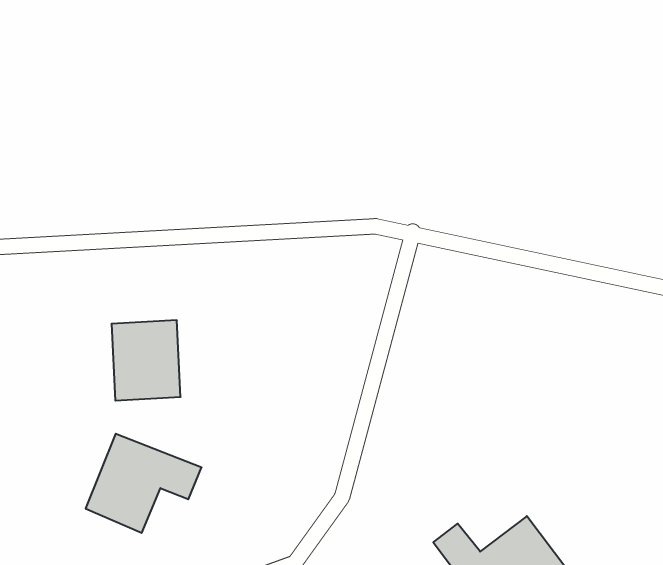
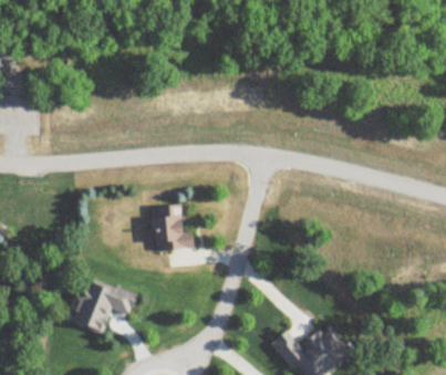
building: [111,320,181,401] -> [152,204,193,251]

